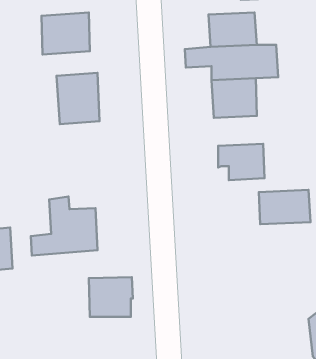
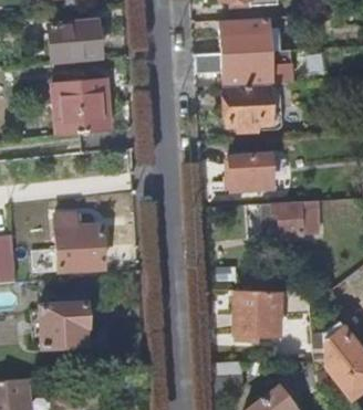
building: [89,277,133,317] -> [43,299,89,340]
building: none -> [236,292,280,346]

